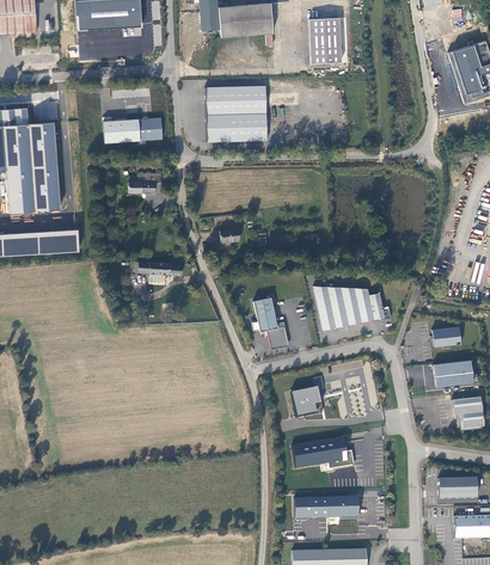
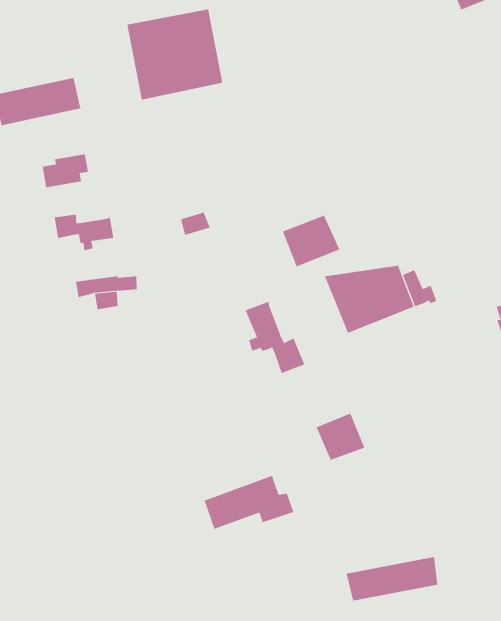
building: none -> [54,214,114,251]
building: none -> [282,215,340,267]
building: [292,436,354,468] -> [204,475,294,529]

